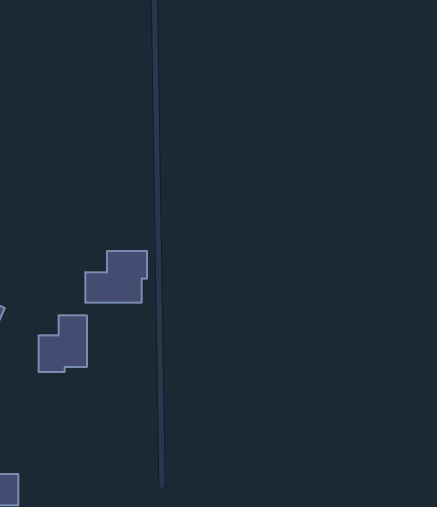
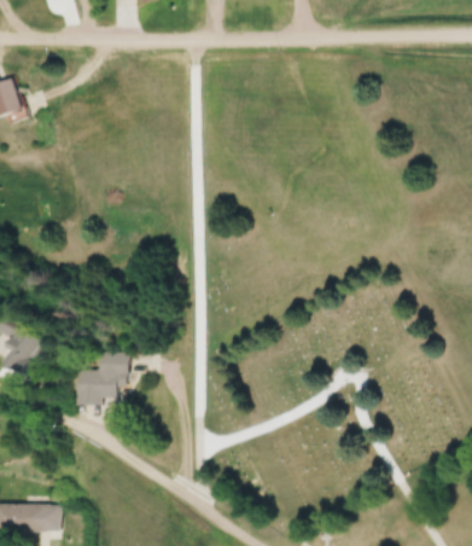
building: [85,251,147,303] -> none

